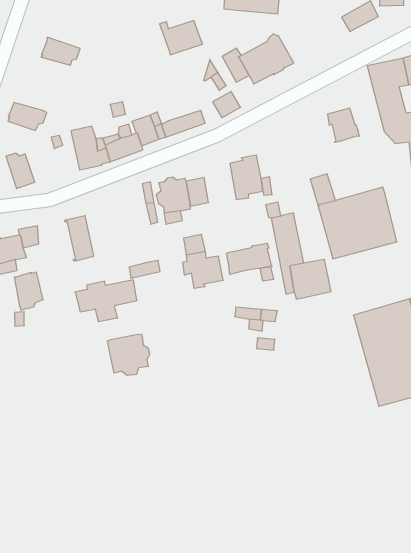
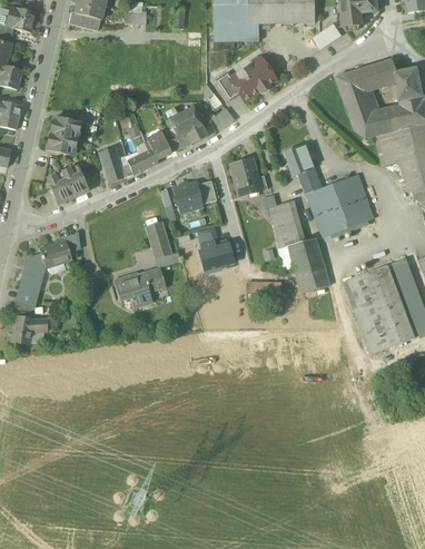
building: [160,20,203,55] -> [166,106,202,136]
building: [41,37,80,65] -> [49,116,80,137]
building: [327,108,359,142] -> [285,145,313,174]
building: none -> [61,167,88,196]
building: [64,216,94,261] -> [145,220,171,258]
building: [227,243,272,275] -> none
building: [15,272,43,310] -> none
building: none -> [295,263,329,292]
building: [108,334,149,376] -> none

